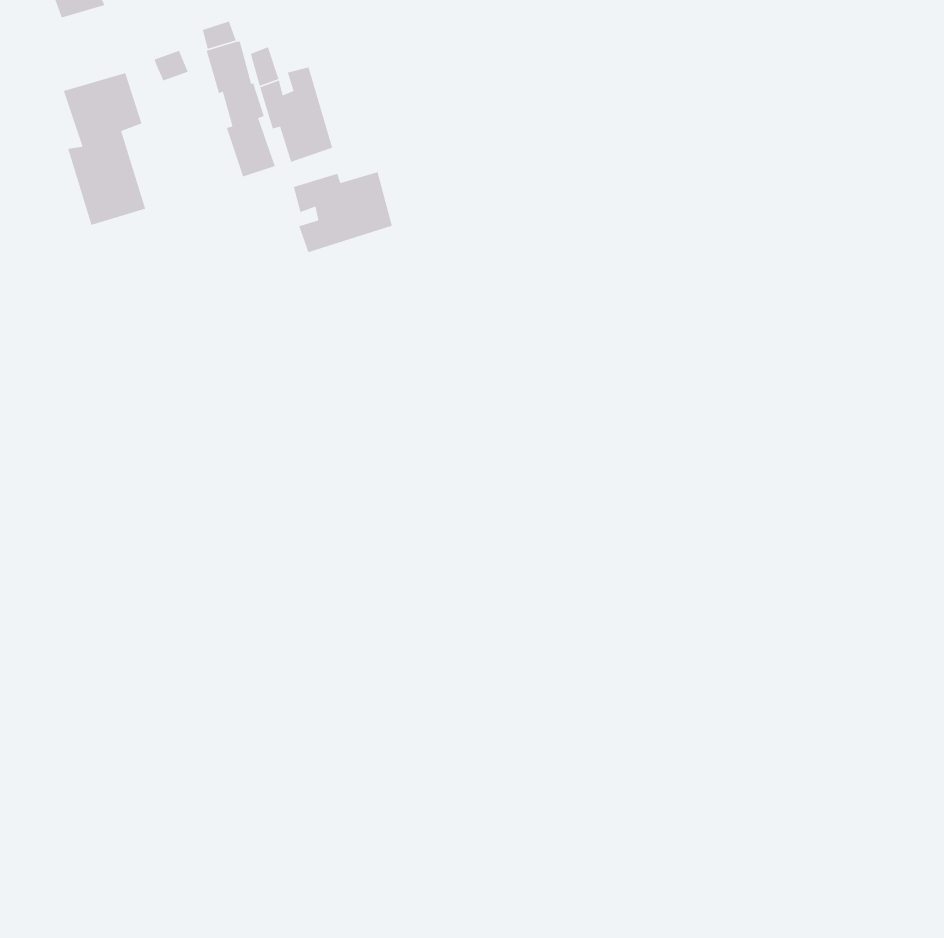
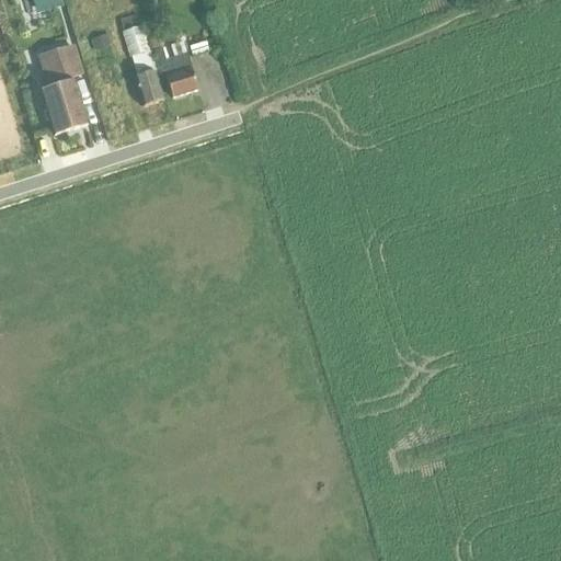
building: [293,171,393,253] -> none

